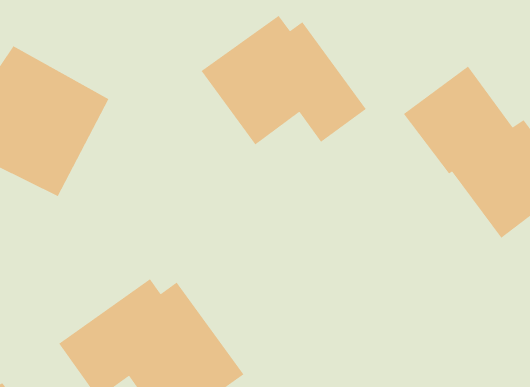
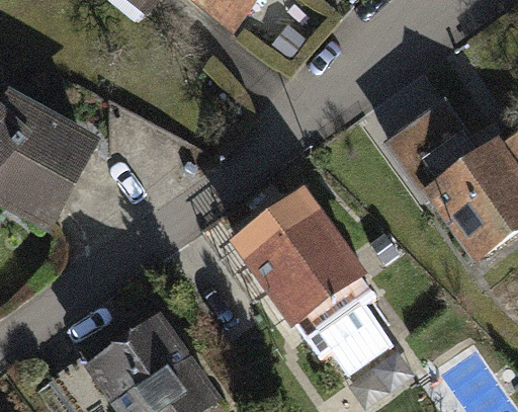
building: [201,15,367,145] -> none
building: none -> [220,175,371,346]

